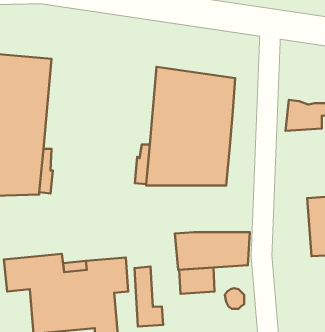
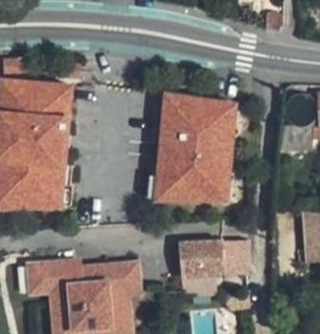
building: [134,267,163,326] -> none

